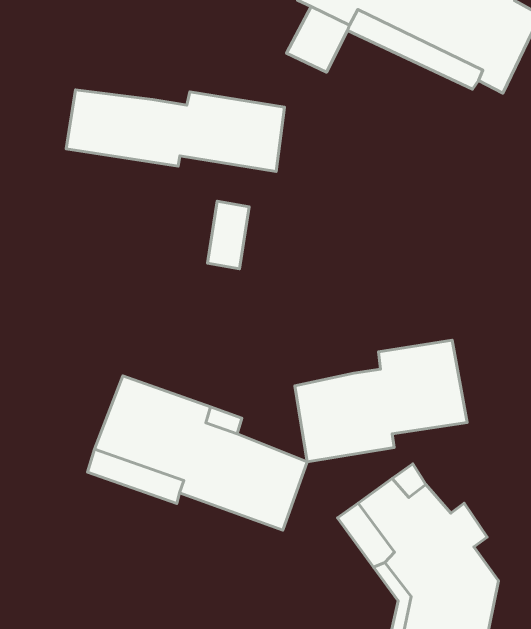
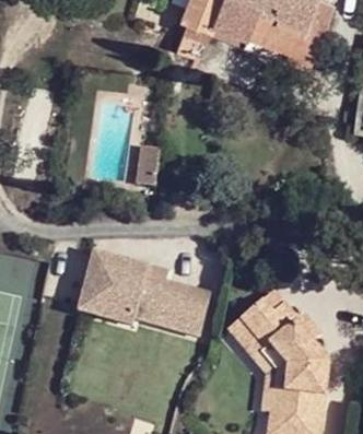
building: [66,90,284,172] -> none
building: [295,340,467,462] -> none

